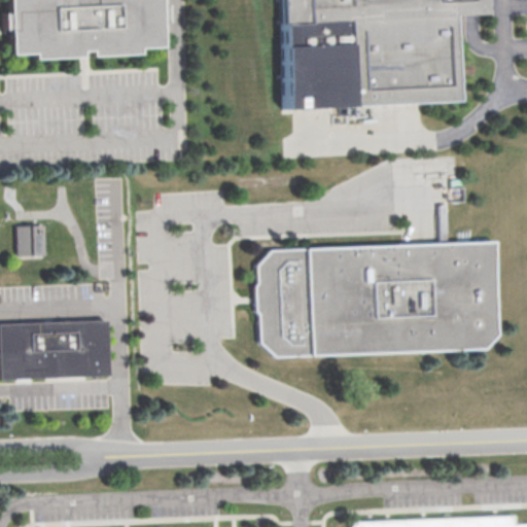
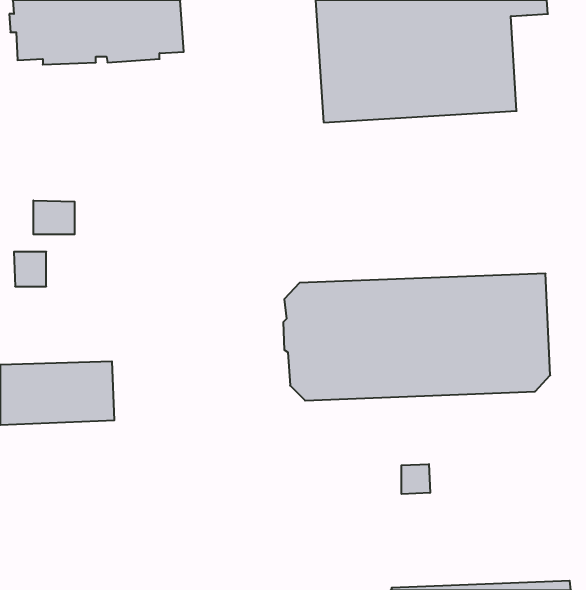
building: none -> [33,200,75,234]
building: none -> [401,464,430,494]

